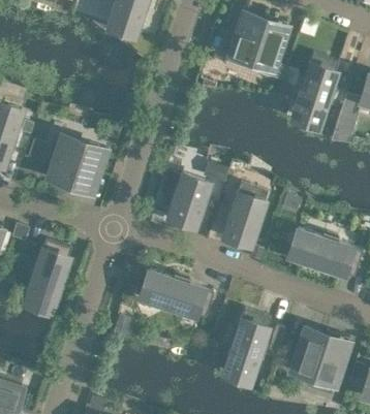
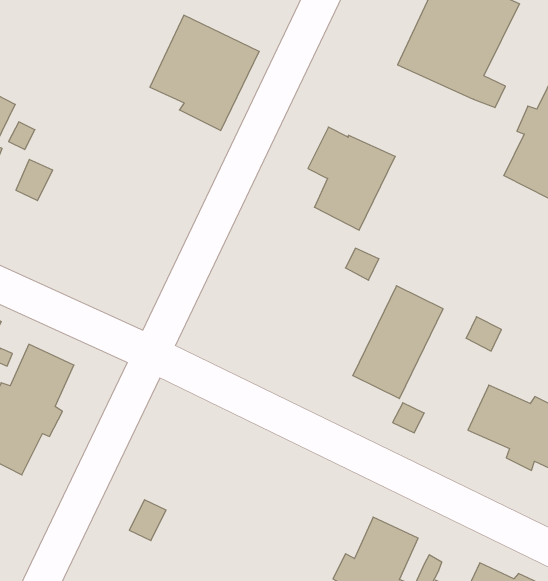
building: [48,136,104,196] -> [150,15,259,130]
building: [161,173,208,227] -> [308,127,395,230]
building: [140,274,213,320] -> none

